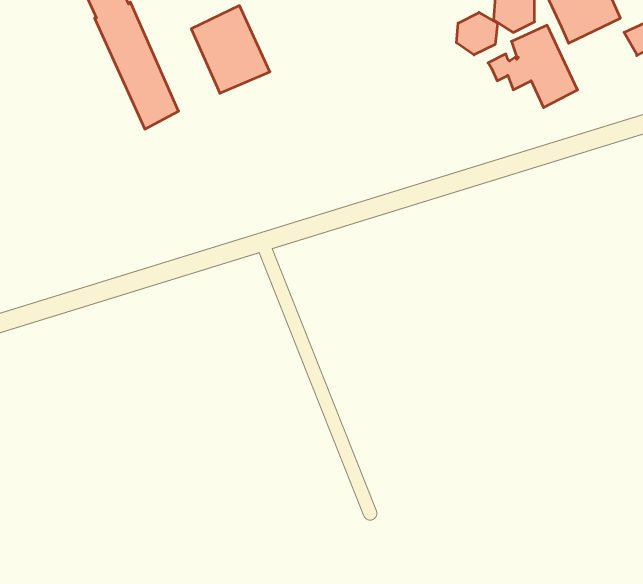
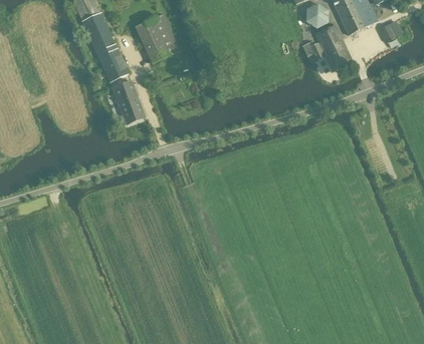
building: [457,12,498,55] -> none
building: none -> [113,80,144,123]

